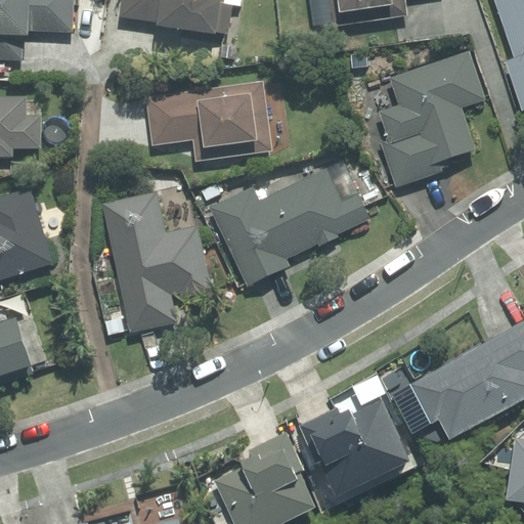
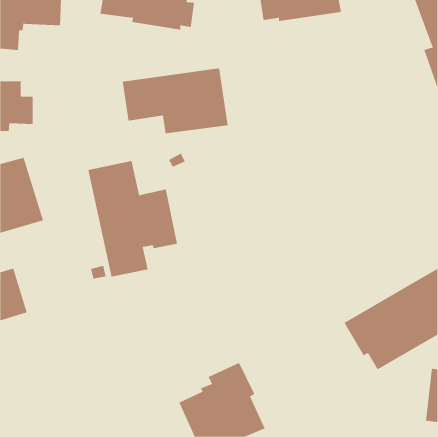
building: [379,50,485,185] -> none
building: [209,168,369,286] -> none
building: [300,397,414,497] -> none

